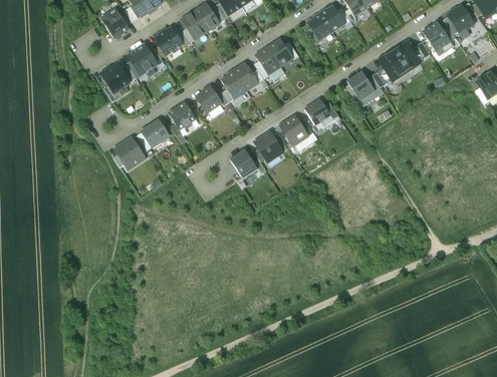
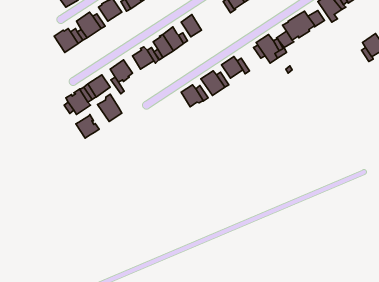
building: [267,38,293,66] -> none
building: none -> [98,94,122,121]
building: [228,148,257,178] -> none
building: none -> [76,115,99,138]

